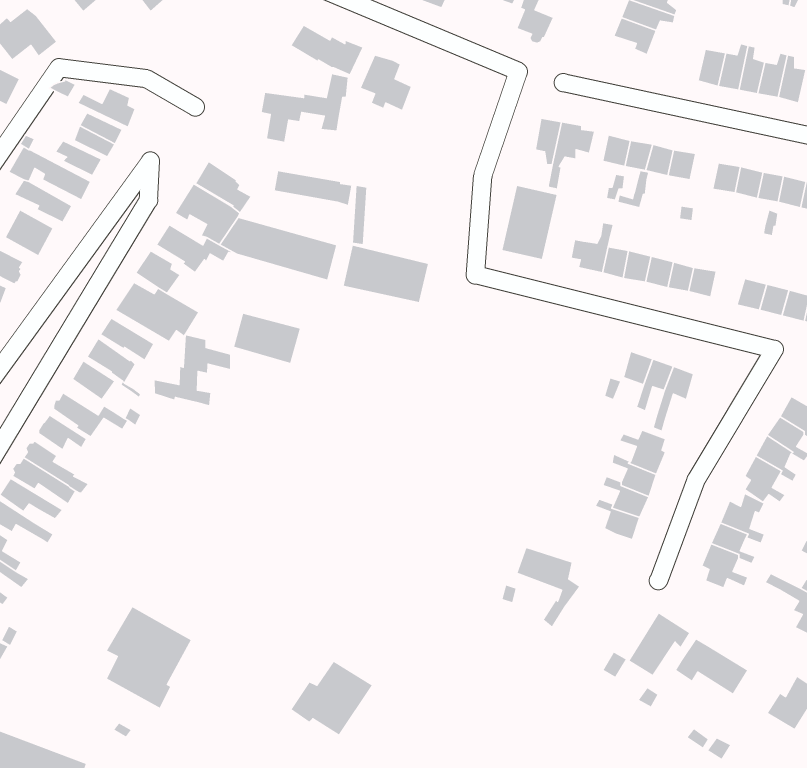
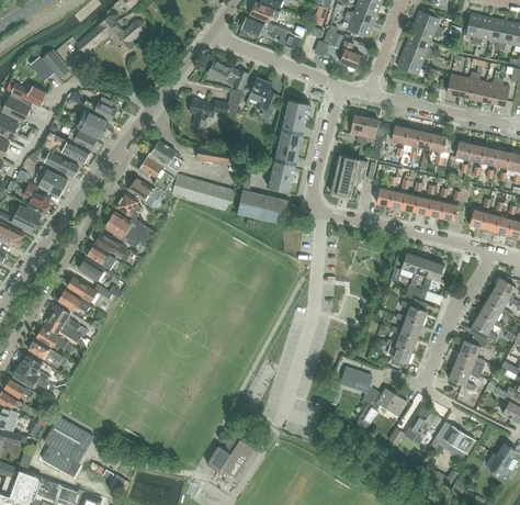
building: none -> [268,100,309,192]
building: [233,313,301,364] -> none
building: [154,335,231,406] -> none
building: none -> [358,389,407,425]
building: [106,606,192,709] -> [42,416,92,476]

